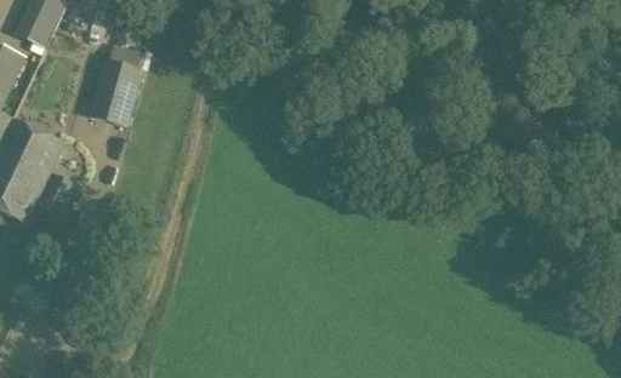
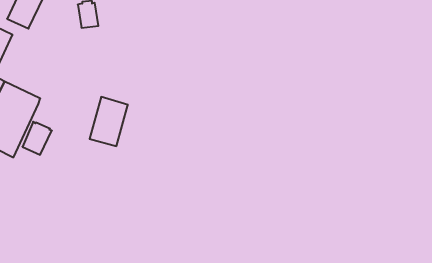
building: [87,61,139,127] -> [90,97,128,146]

